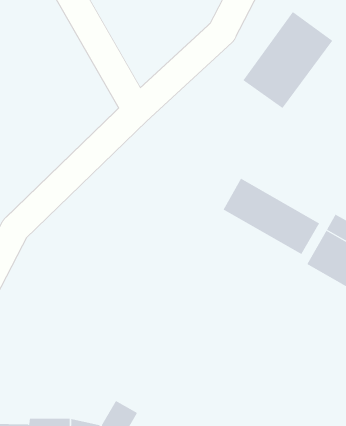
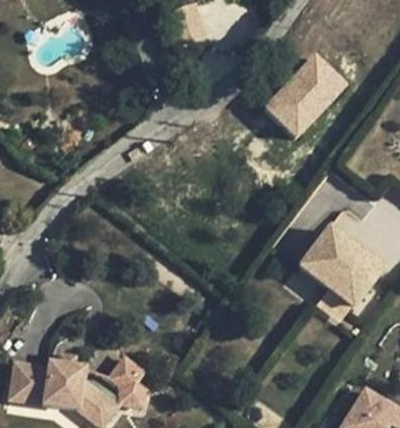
building: [223,178,320,255] -> none

